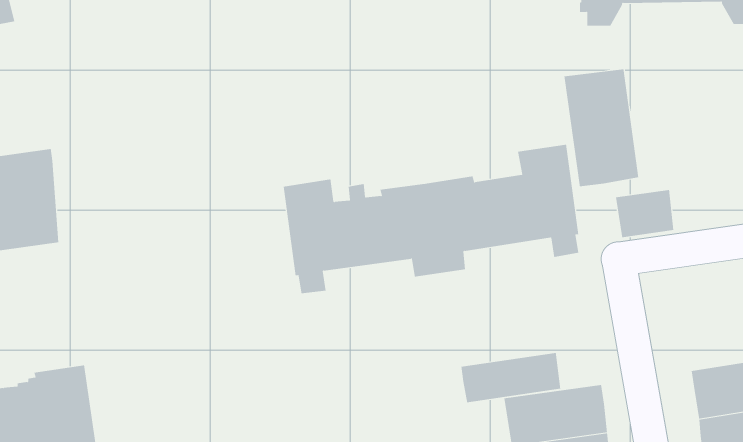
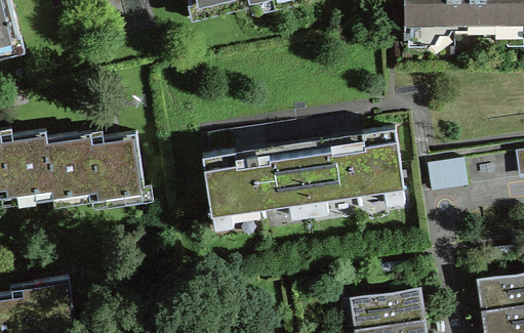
building: [564,69,639,187] -> none
building: none -> [46,133,145,204]
building: [461,352,561,403] -> none

